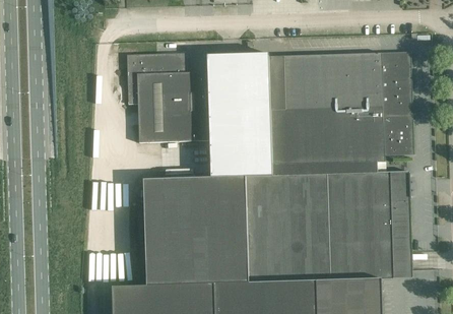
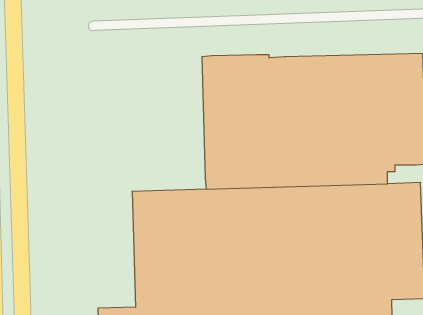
building: [127,52,208,142] -> none

